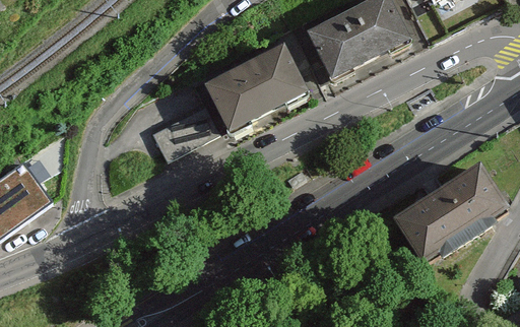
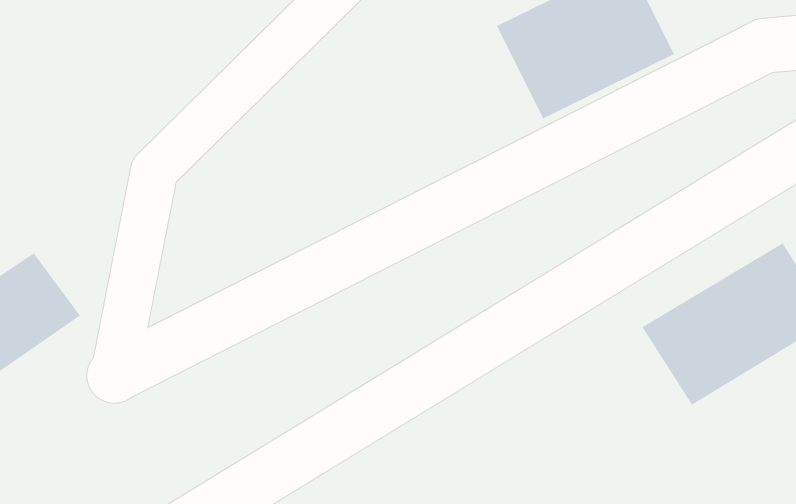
building: [205,43,308,130] -> none
building: [154,108,221,162] -> none

